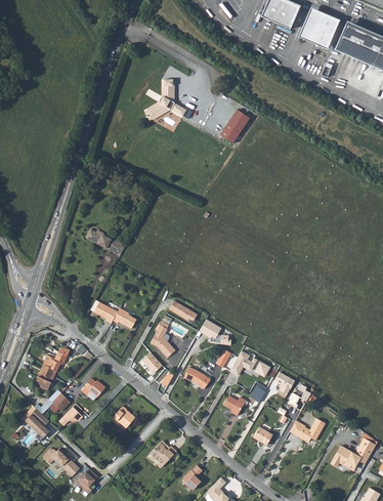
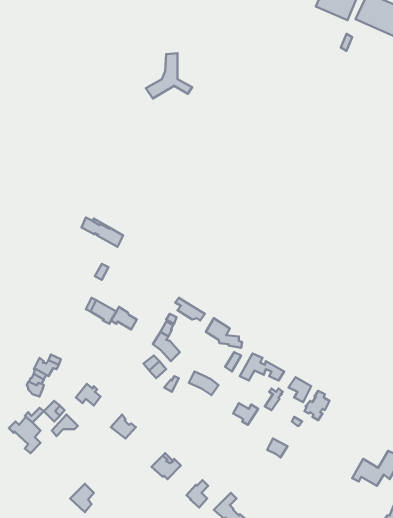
building: [220,111,249,144] -> none
building: [289,418,325,442] -> none
building: [44,448,81,477] -> none

